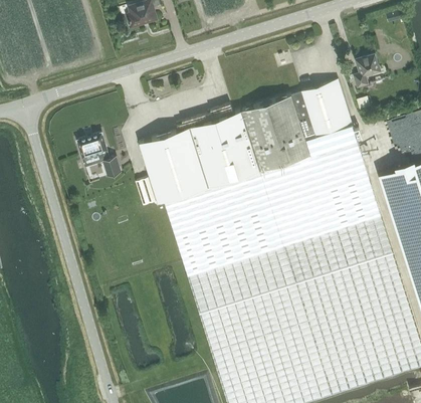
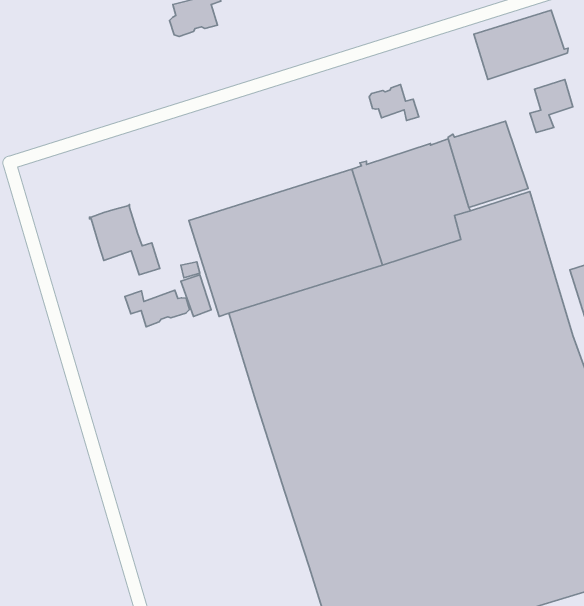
building: none -> [474,10,568,79]
building: none -> [369,84,419,120]
building: none -> [125,290,189,327]

